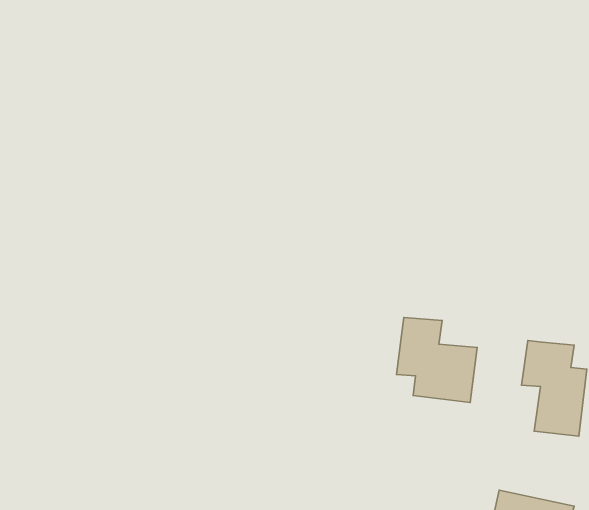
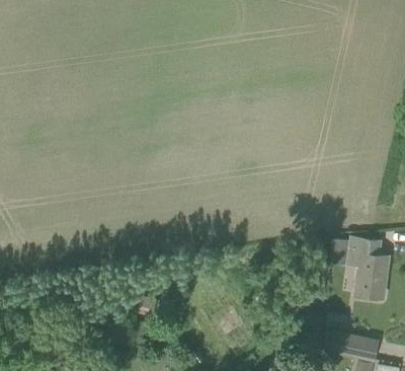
building: [396,317,477,402] -> none

